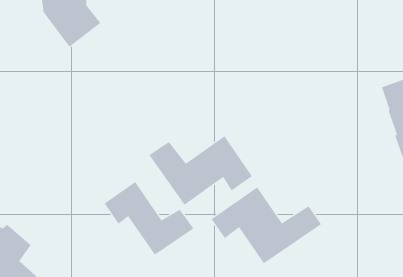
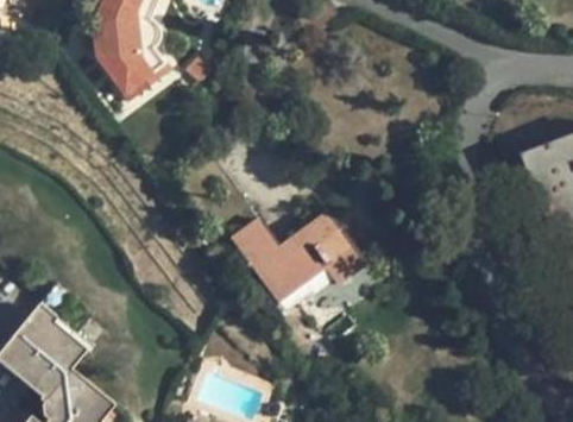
building: [104,181,194,256] -> none
building: [211,187,322,264] -> none

